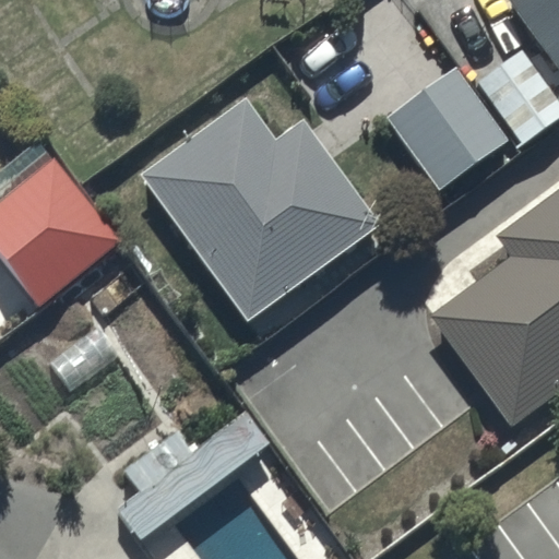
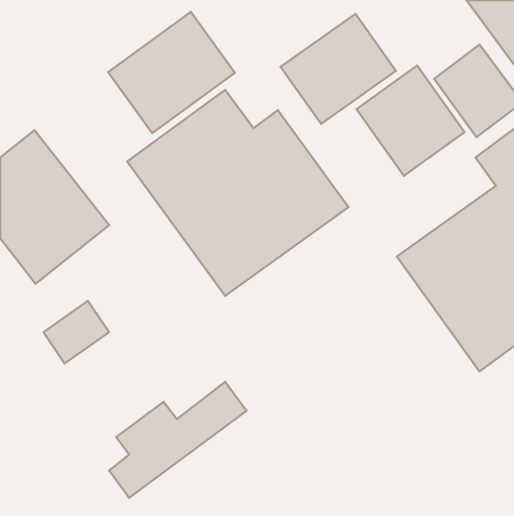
building: none -> [108,12,235,133]
building: none -> [281,14,396,124]

